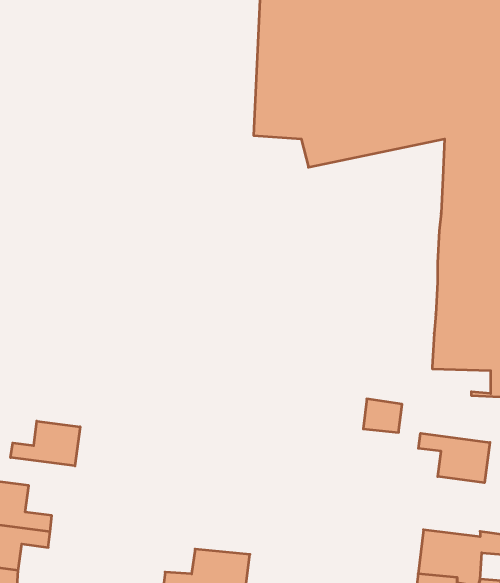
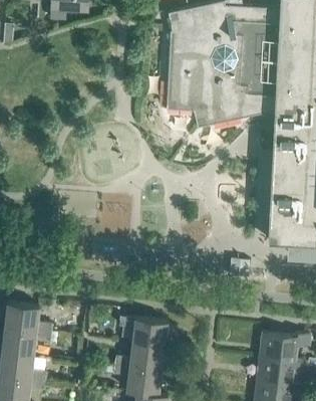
building: [11,421,80,466] -> none
building: [418,433,490,483] -> none
building: none -> [119,318,167,347]

